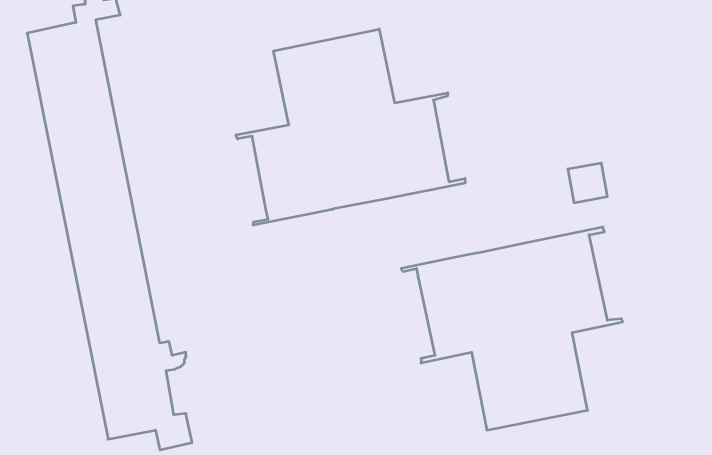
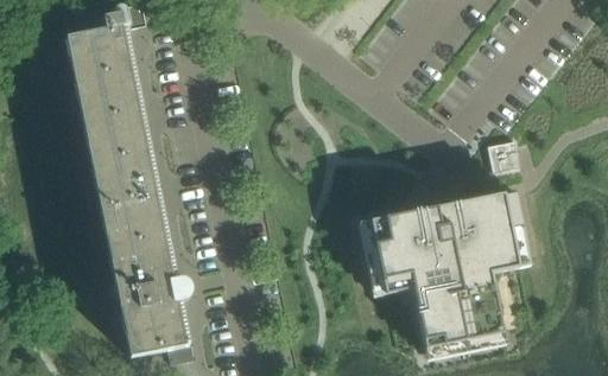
building: [236,29,465,225] -> none

